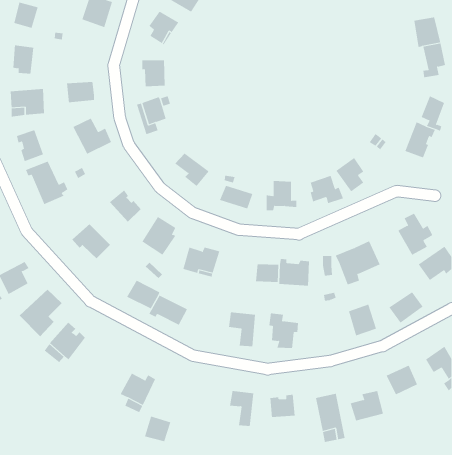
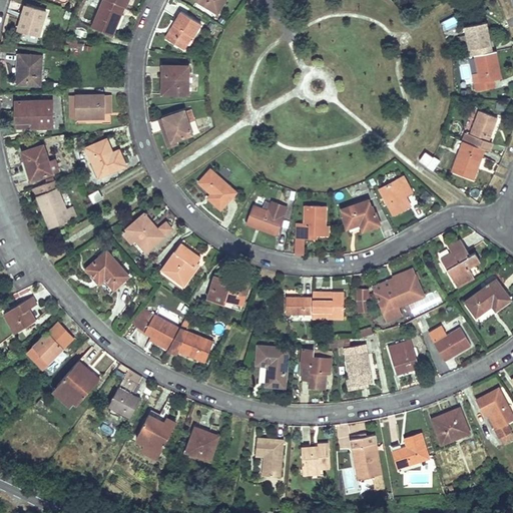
building: none -> [350,344,379,387]
building: none -> [106,390,139,420]
building: [144,416,171,442] -> [186,432,216,461]

